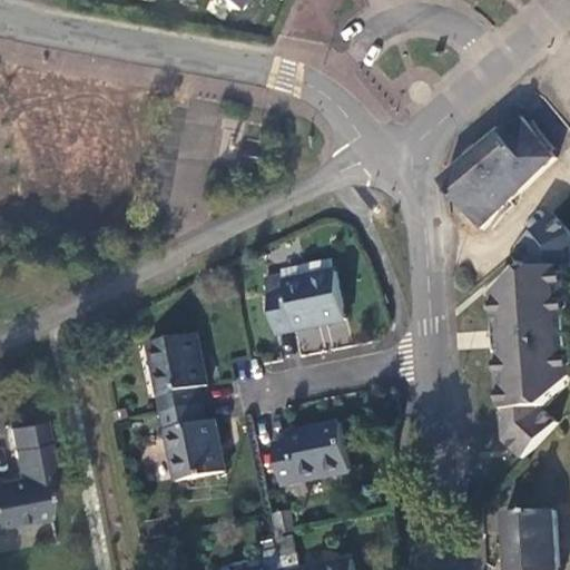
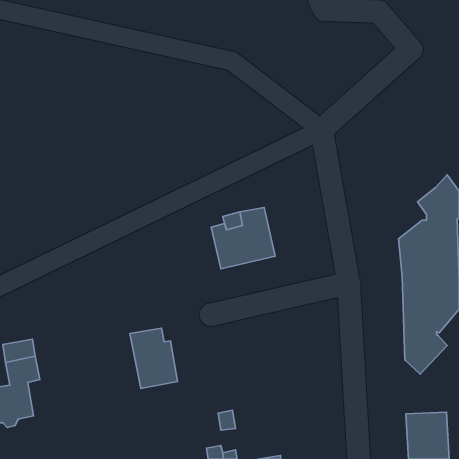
building: [443,116,562,228] -> none
building: [147,334,204,412] -> none
building: [271,421,346,484] -> none

